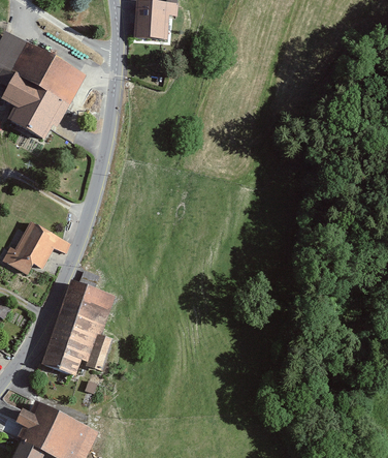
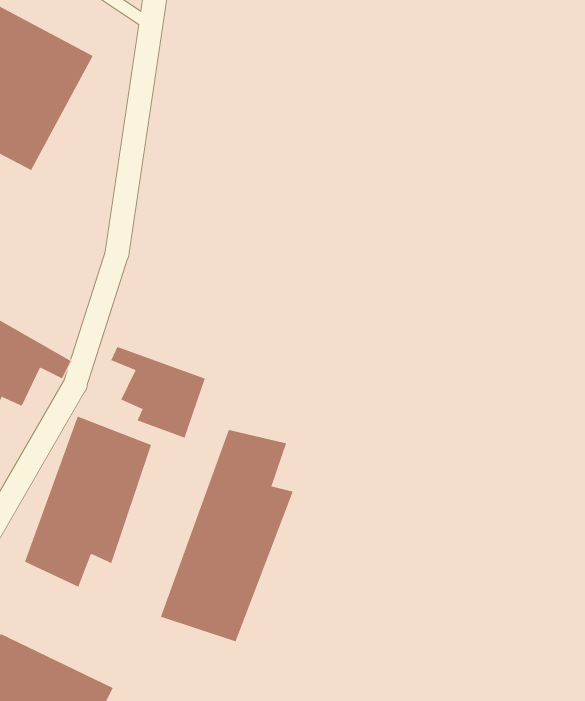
building: none -> [111,346,205,438]
building: none -> [160,429,293,642]

